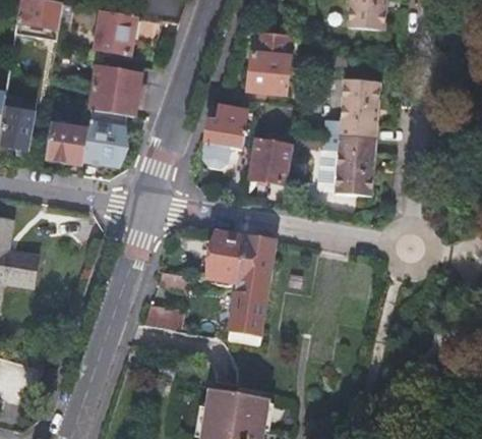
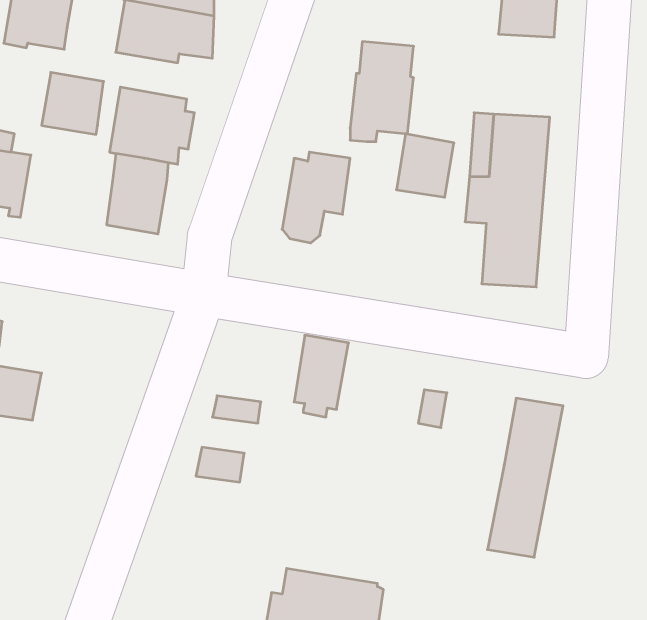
building: [46,121,87,163] -> [42,72,104,134]
building: [251,139,290,181] -> [396,134,454,197]
building: [227,236,278,343] -> [487,398,563,557]

